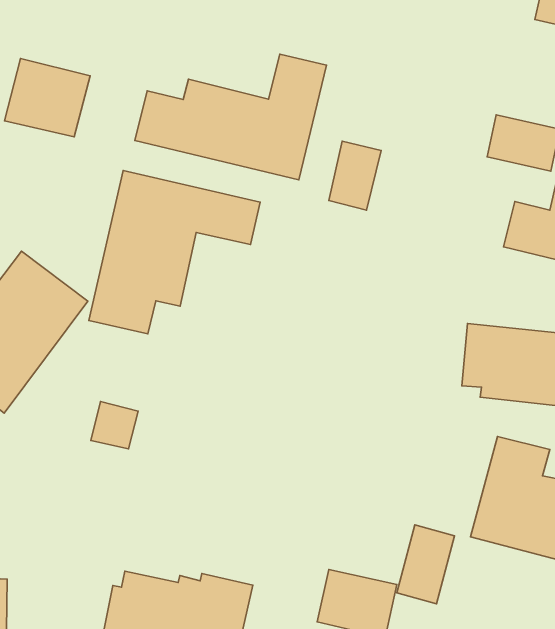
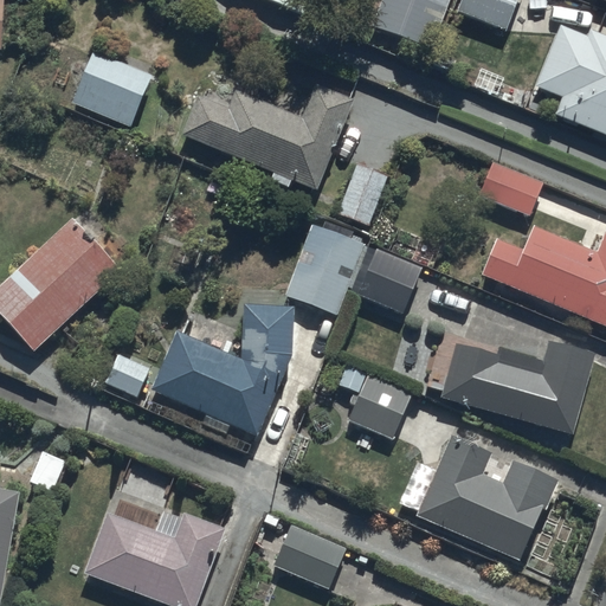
building: [89,170,260,334] -> none
building: none -> [284,223,420,316]
building: none -> [150,305,296,437]
building: none -> [350,374,411,436]
building: [397,525,455,604] -> none

